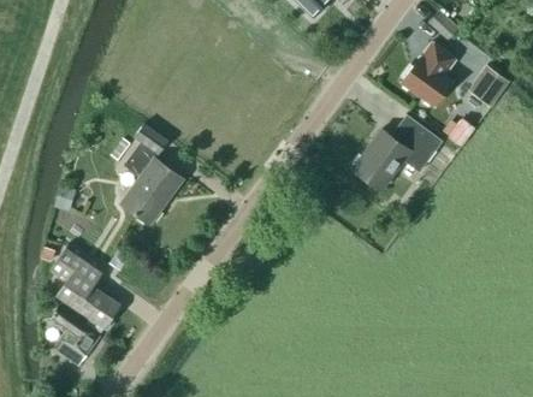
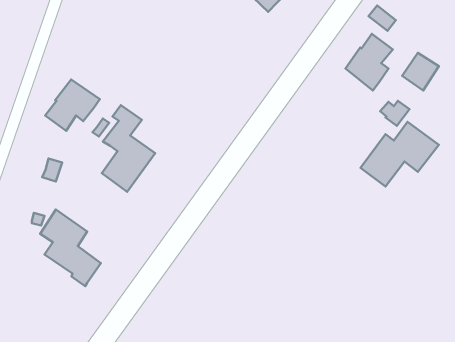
building: none -> [45,80,100,131]
building: [353,115,443,190] -> [360,122,439,187]
building: [49,304,102,366] -> none

